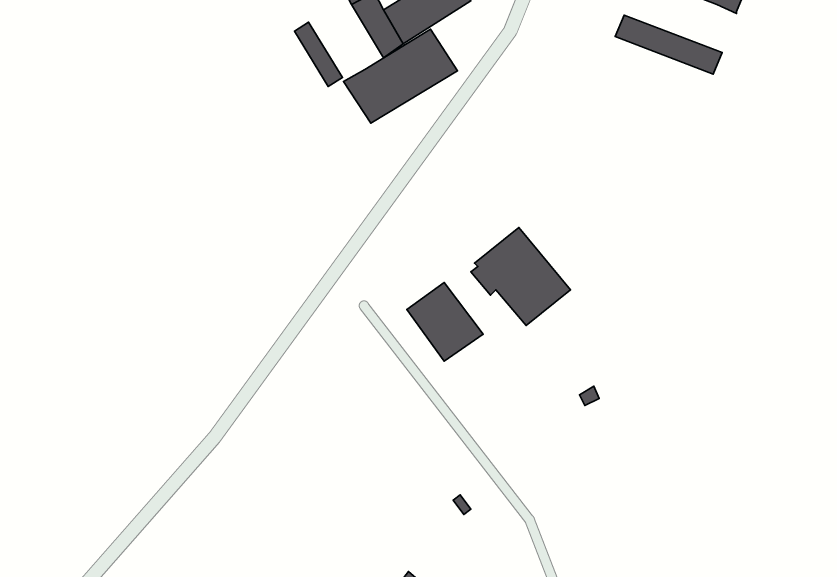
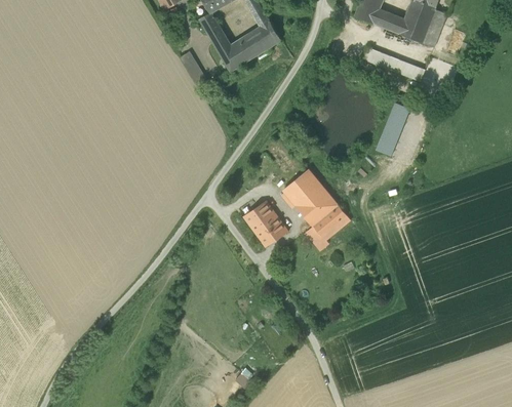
building: [344,29,458,123] -> none
building: none -> [376,103,409,157]
building: none -> [306,206,350,250]

